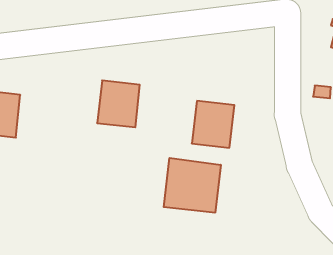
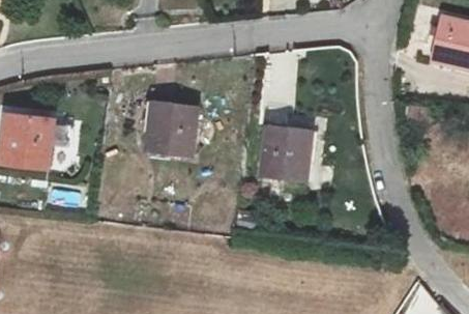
building: [164,158,221,213] -> none

